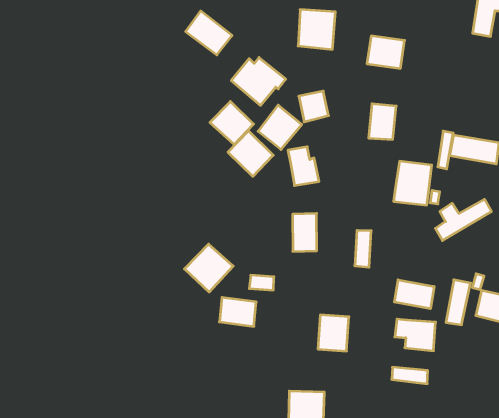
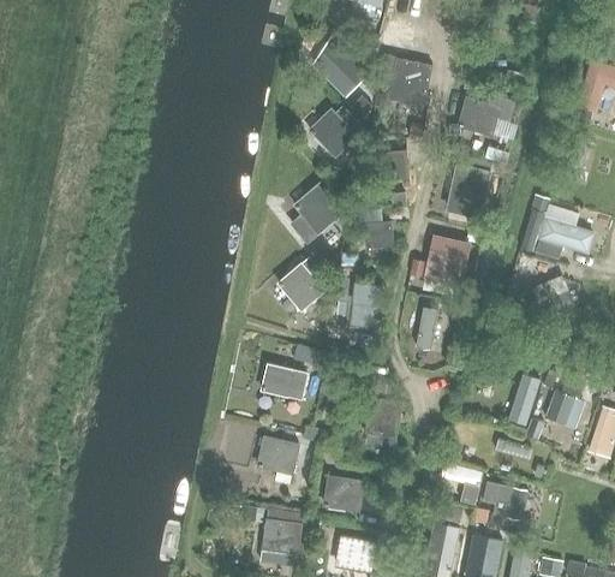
building: [186,11,232,55] -> [316,46,366,96]
building: [210,101,254,144] -> none
building: [258,105,302,150] -> none
building: [394,161,432,205] -> [423,236,470,287]
building: [184,244,233,292] -> [277,258,332,311]
building: [394,280,434,309] -> none
building: [395,319,436,351] -> [482,482,529,522]
building: none -> [253,435,300,476]

